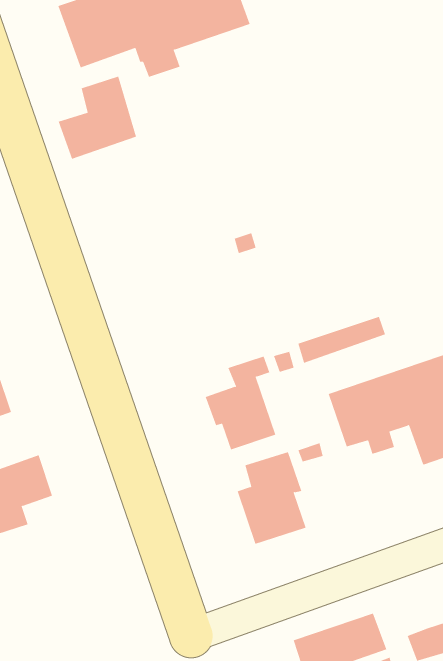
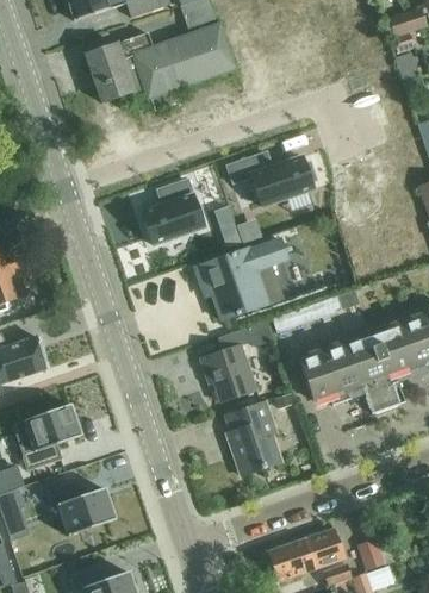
building: [58,76,137,160] -> [138,179,200,244]
building: none -> [236,150,309,207]
building: none -> [194,237,287,319]
building: none -> [48,482,116,536]

